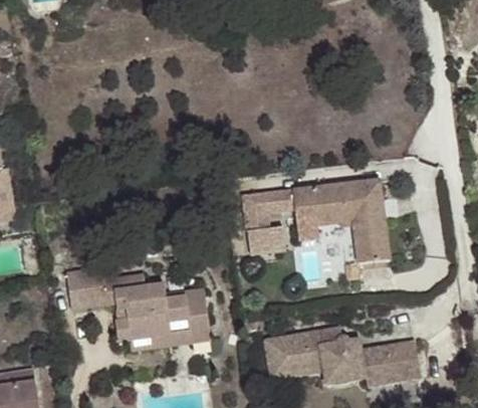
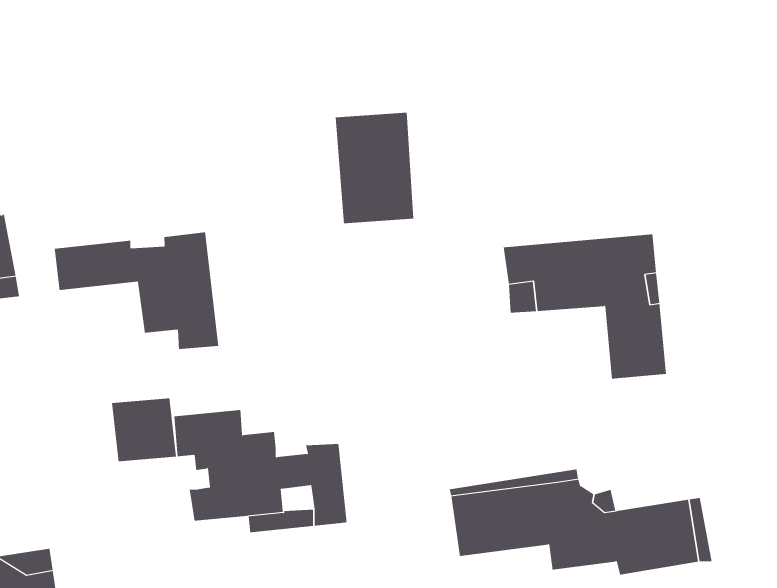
building: none -> [54,232,219,350]
building: [243,185,290,251] -> [335,112,414,224]

